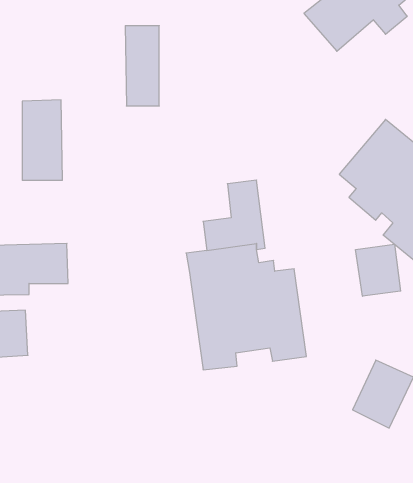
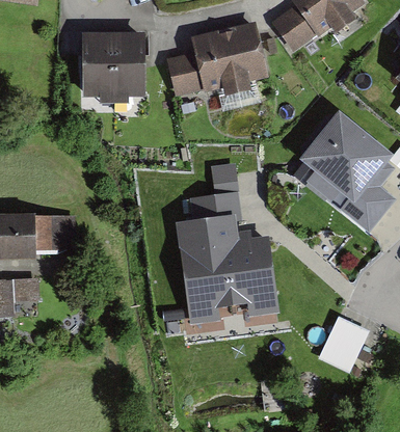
building: none -> [170,23,265,93]
building: [22,100,62,180] -> [86,30,121,99]
building: [356,244,401,296] -> none

